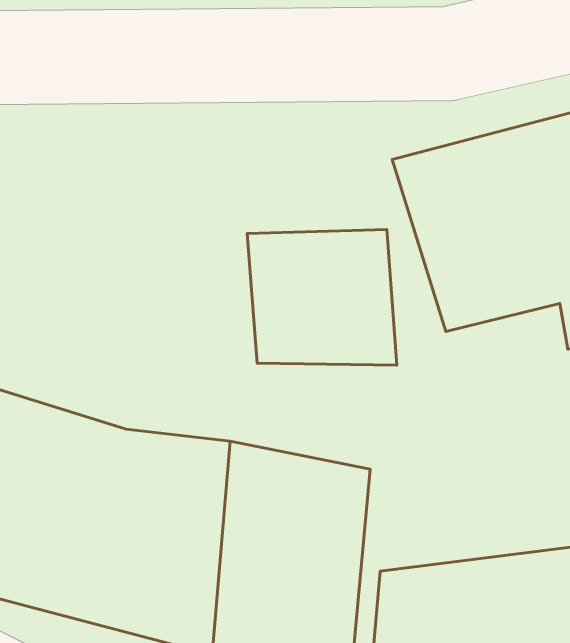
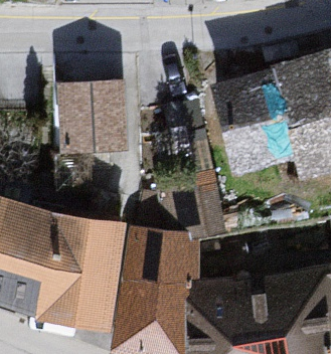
building: [247,229,397,365] -> [55,82,131,151]

